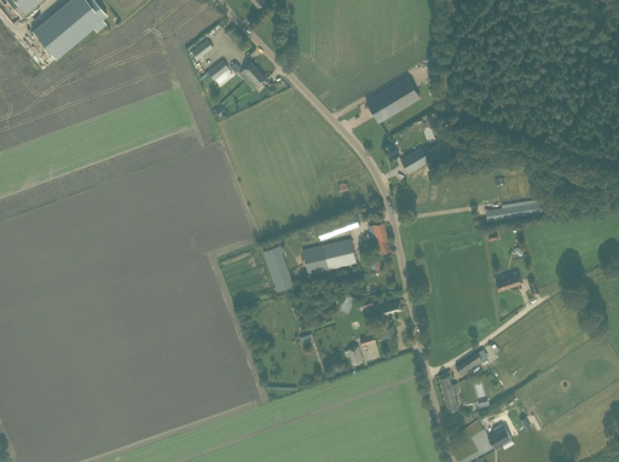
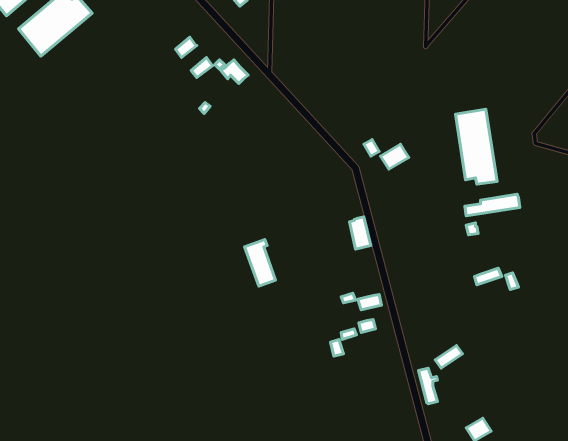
building: [365,77,418,123] -> none
building: none -> [456,109,497,184]
building: [301,239,355,276] -> none

